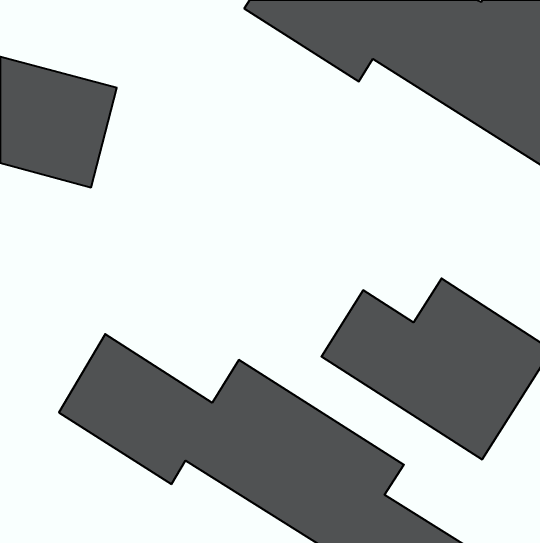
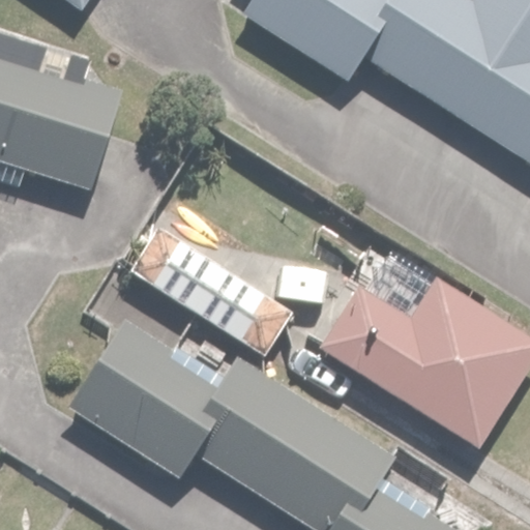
building: none -> [126,225,321,359]

